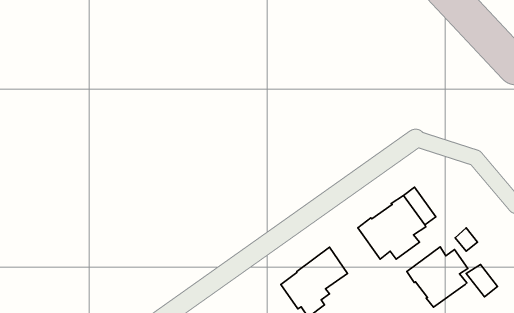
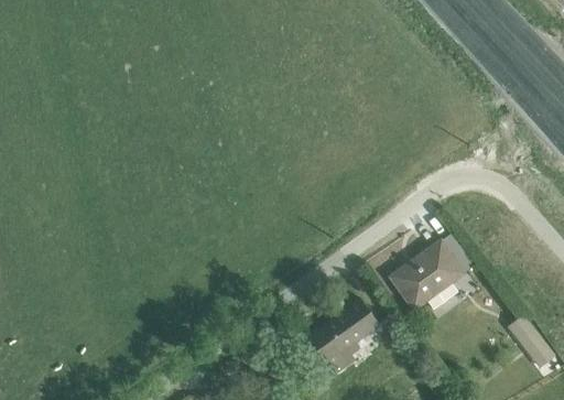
building: [407,247,468,307] -> none

